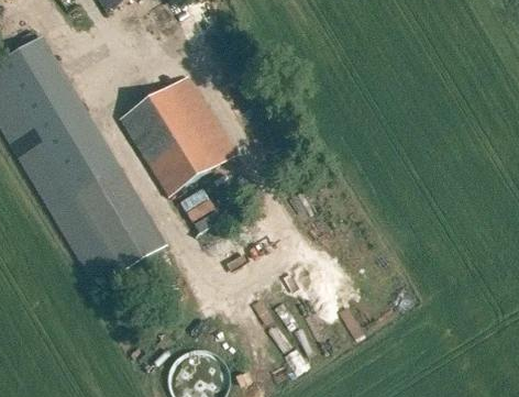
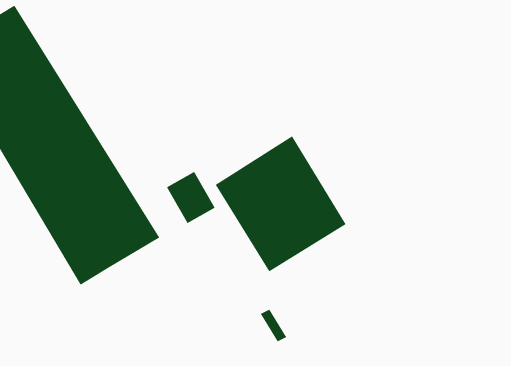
building: [119,73,236,195] -> [215,136,347,272]

